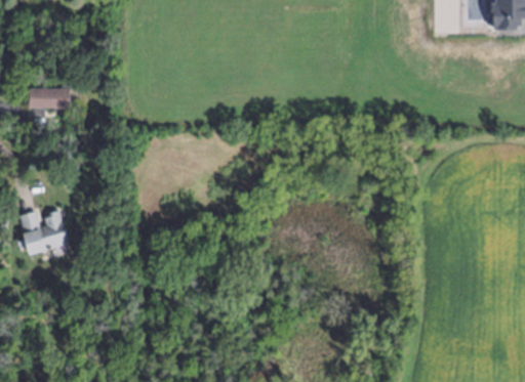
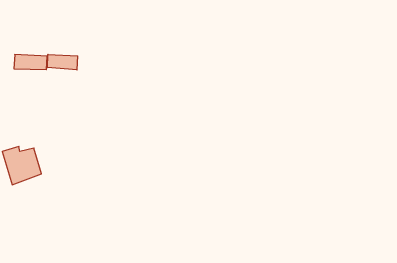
building: none -> [47,54,78,70]

